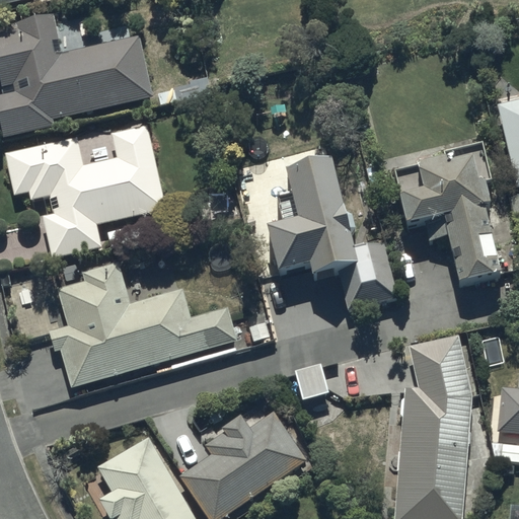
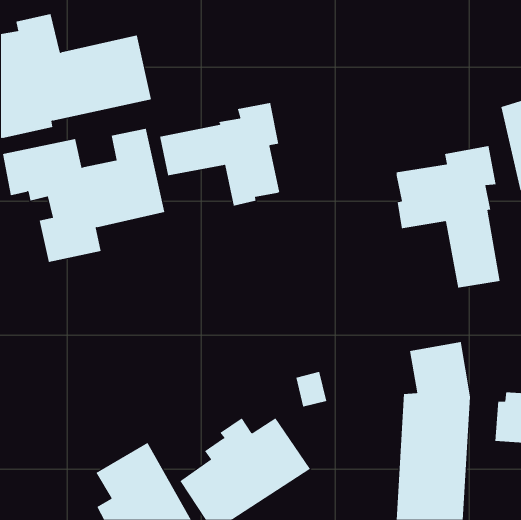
building: none -> [160,102,280,206]
building: [265,161,402,312] -> none
building: [49,262,239,386] -> none

